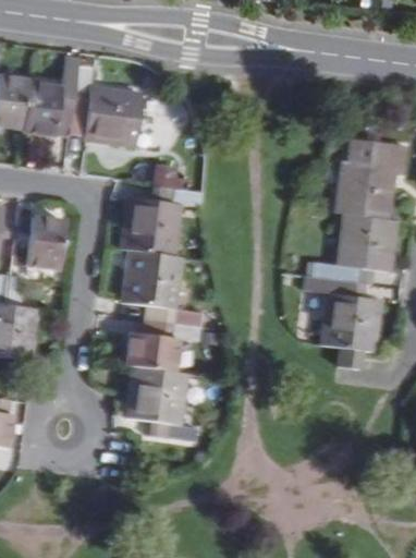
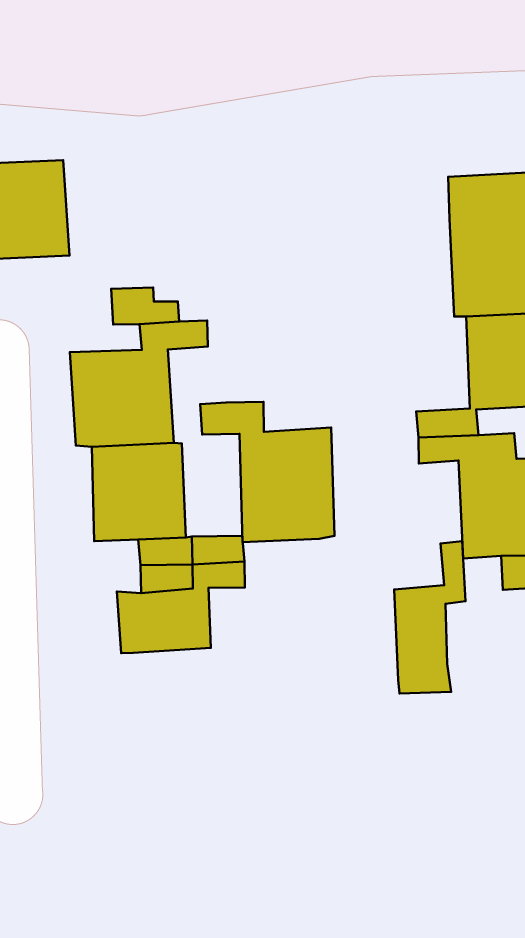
building: none -> [200,402,334,542]
building: none -> [394,541,466,694]
building: [126,366,196,442] -> none

